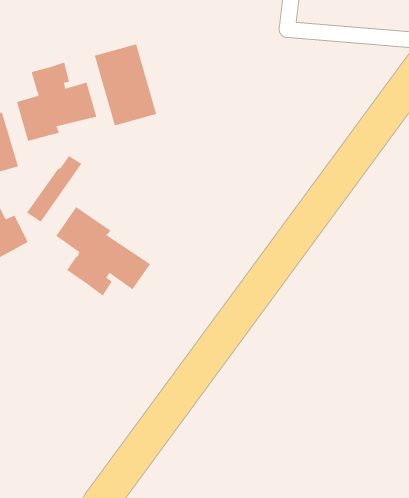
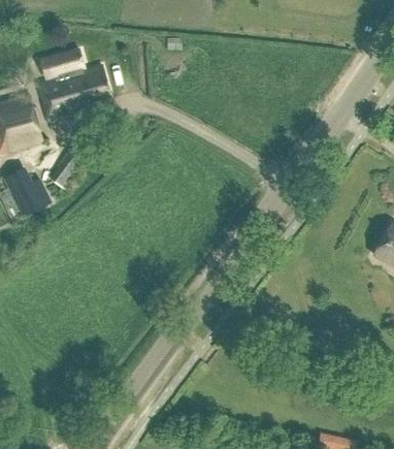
building: [94,44,157,126] -> none
building: [55,206,151,297] -> none

